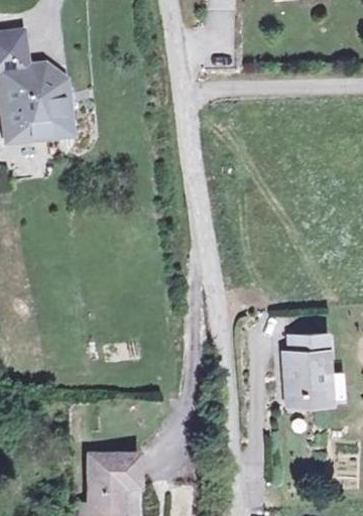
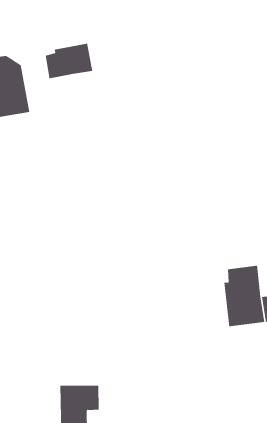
building: none -> [45,43,93,79]

